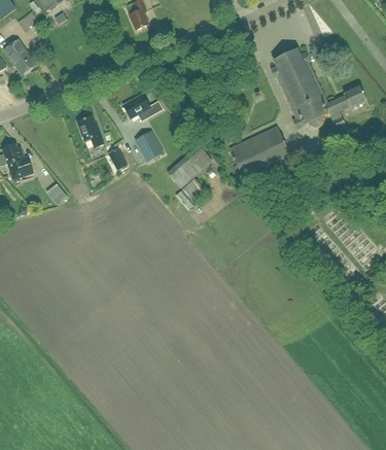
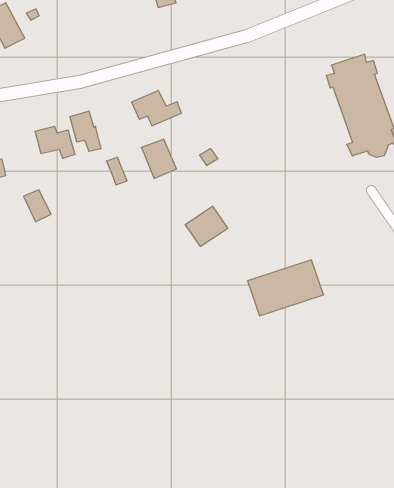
building: [229,126,288,173] -> [247,260,324,316]
building: none -> [35,126,75,158]
building: [166,144,211,187] -> none

